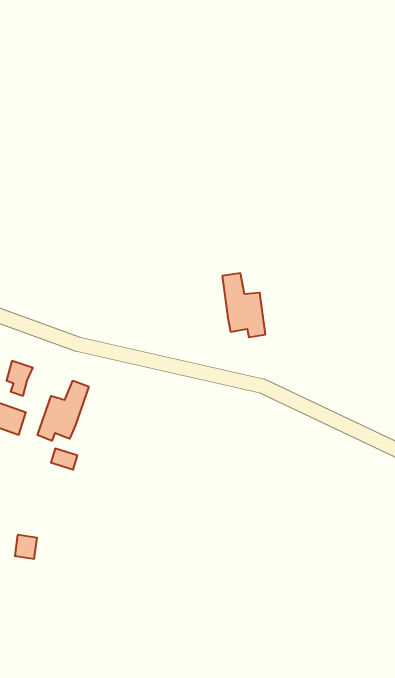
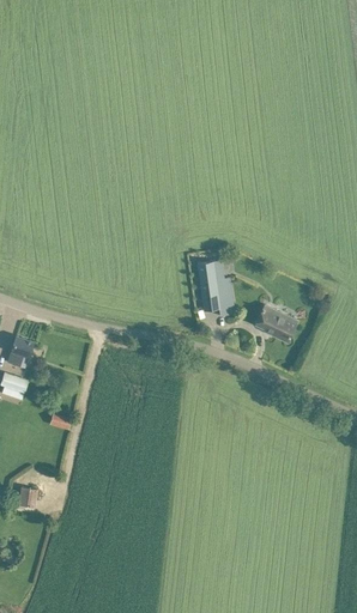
building: none -> [258,304,301,342]
building: [37,381,89,441] -> none

